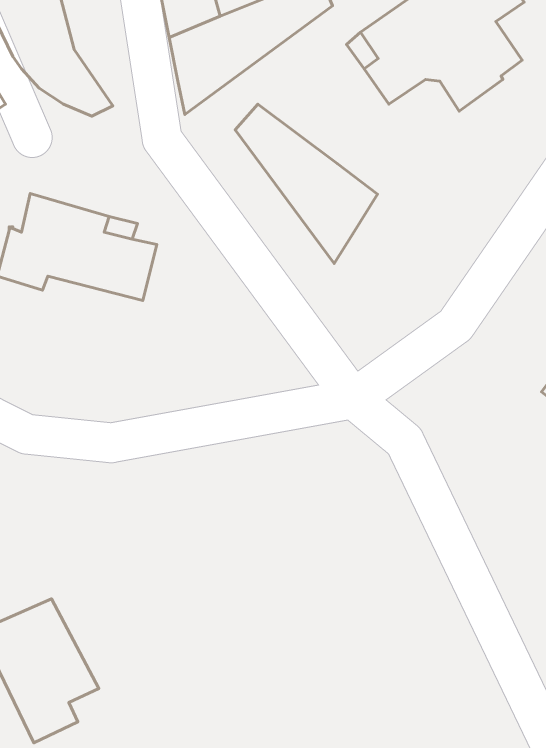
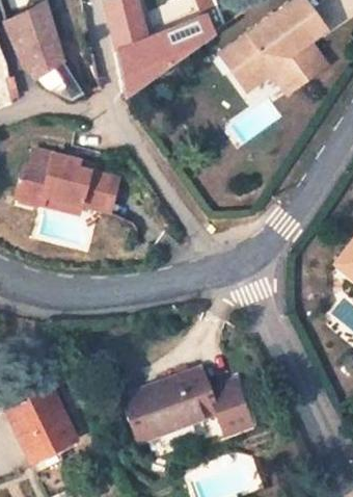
building: [235,104,377,264] -> none
building: none -> [124,367,251,441]

